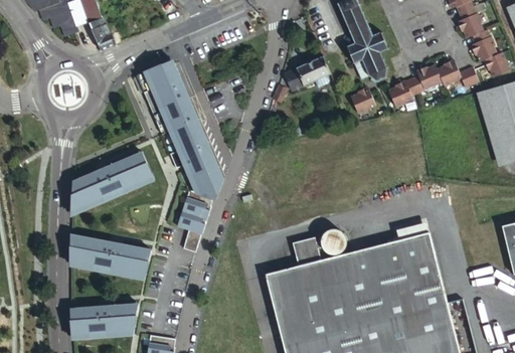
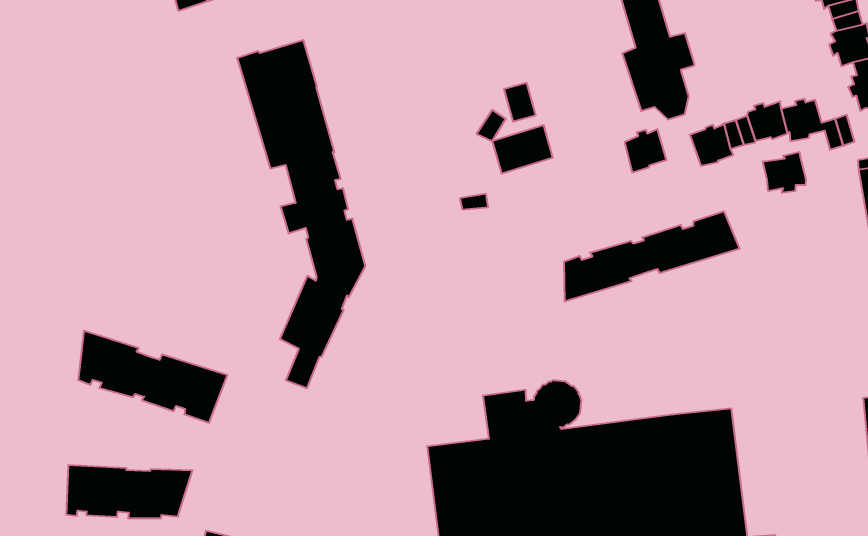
building: [296,57,330,86] -> [492,125,553,174]
building: none -> [763,152,806,193]
building: none -> [564,211,739,302]
building: [70,151,152,211] -> none

